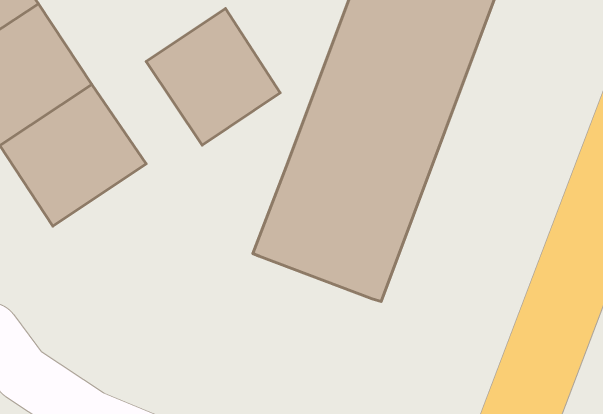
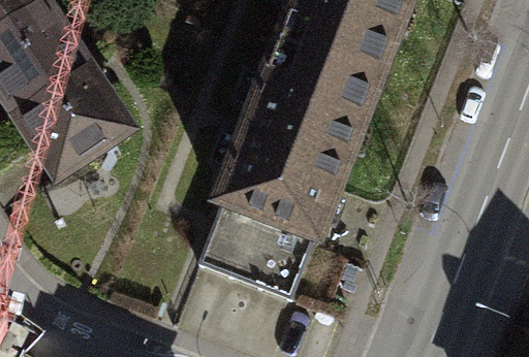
building: [146,8,280,145] -> none
building: none -> [201,206,313,299]

